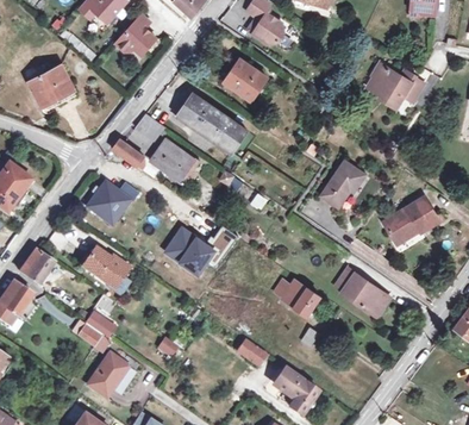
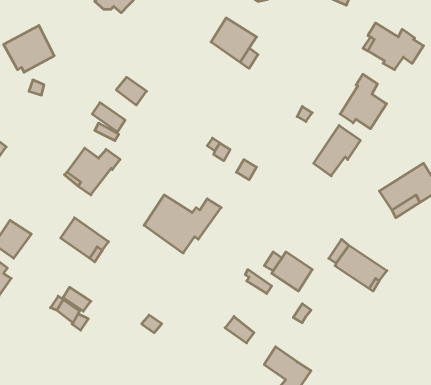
building: [177,93,248,152] -> none
building: none -> [340,74,387,129]
building: [151,138,198,186] -> none
building: [88,352,127,396] -> none

